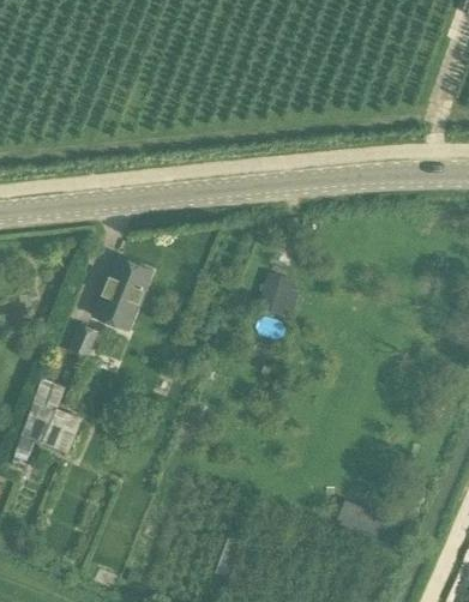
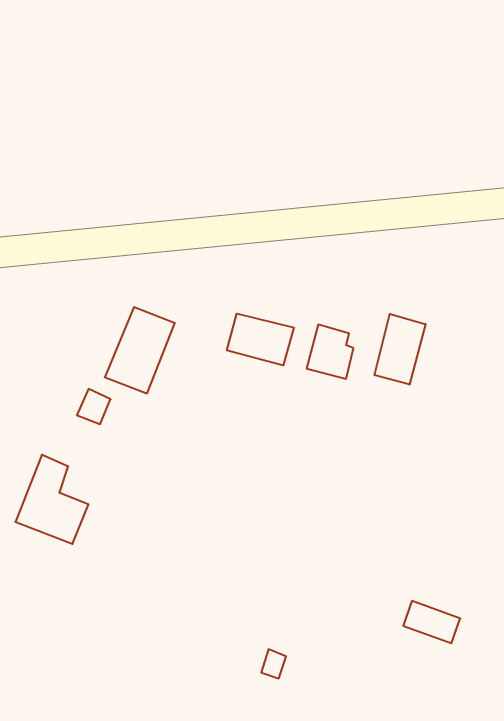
building: none -> [227,314,294,365]
building: none -> [375,314,426,385]

